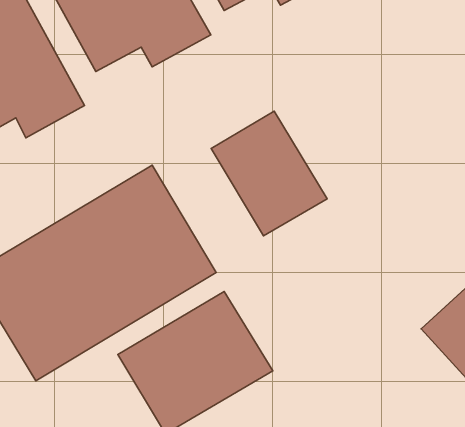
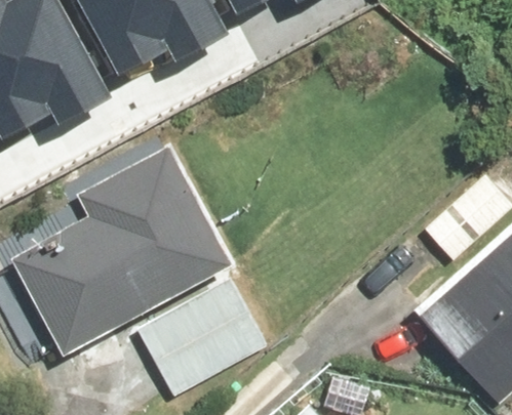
building: [211,111,327,236] -> none

